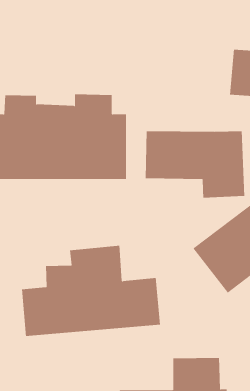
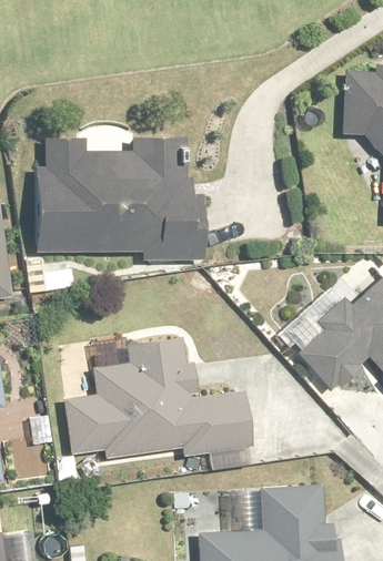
building: [145,130,245,198] -> none

